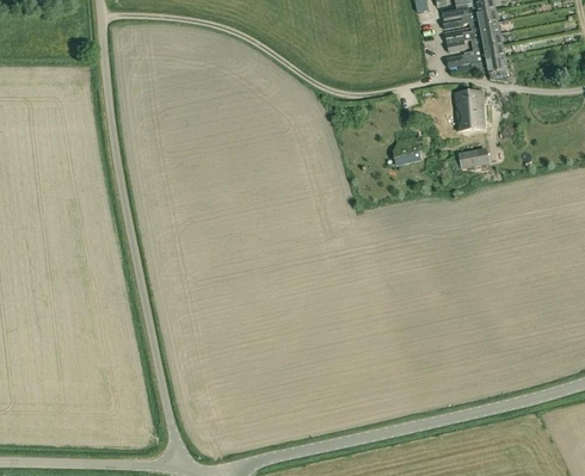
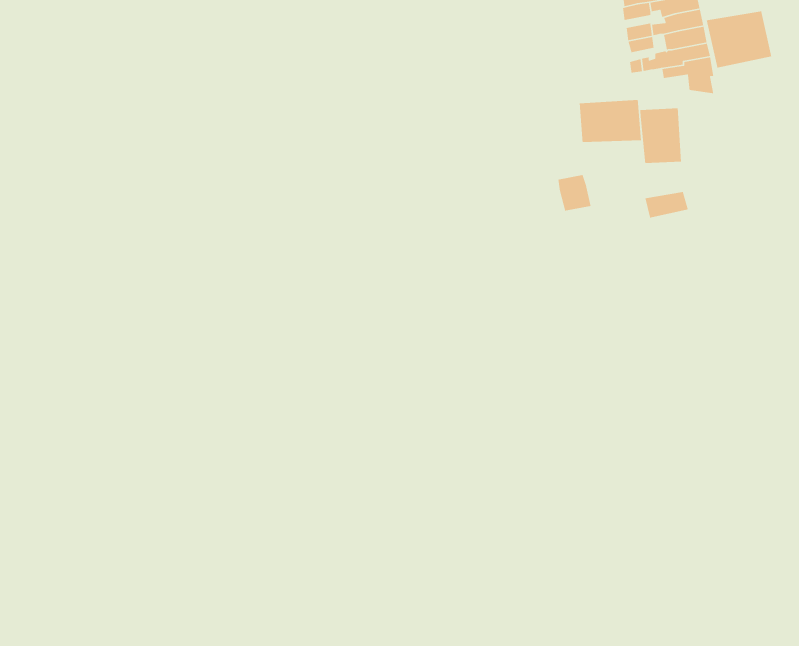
building: none -> [706,10,772,68]
building: none -> [579,99,642,143]

